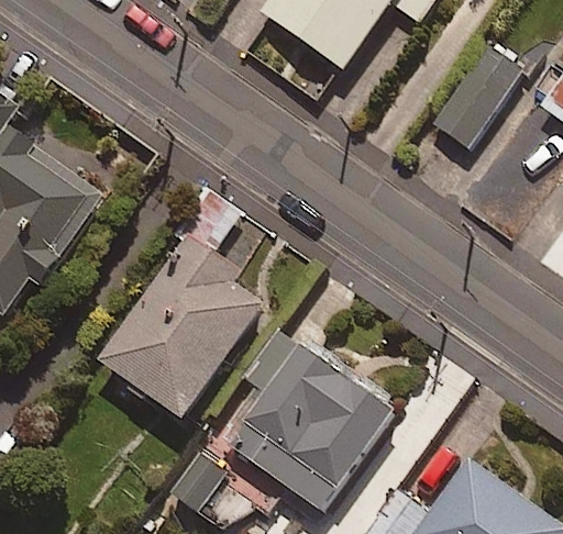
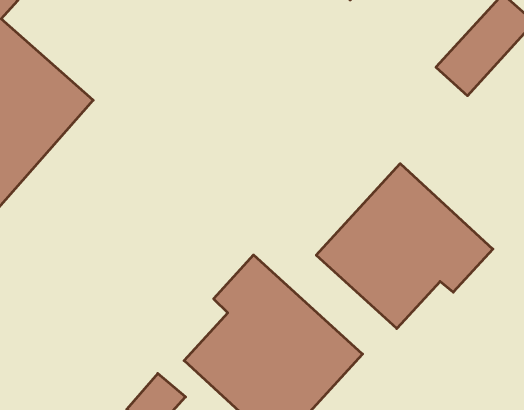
building: none -> [316,164,493,329]
building: [99,234,272,420] -> none

